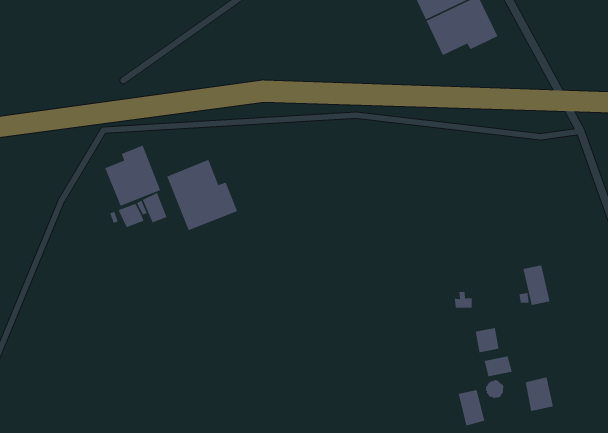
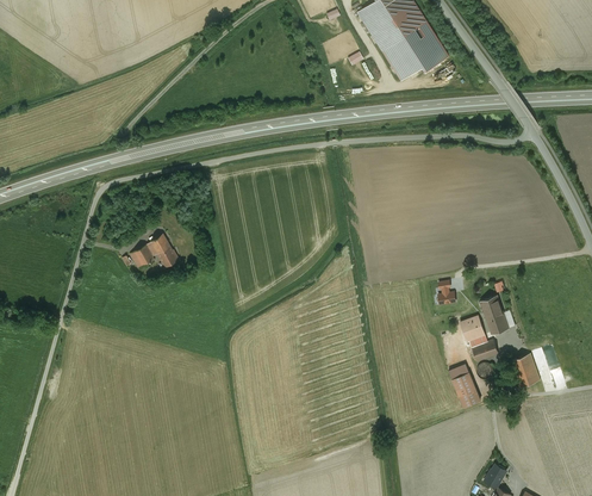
building: [104,145,161,207] -> none
building: [166,159,238,231] -> none
building: [523,264,551,306] -> [480,296,509,334]

